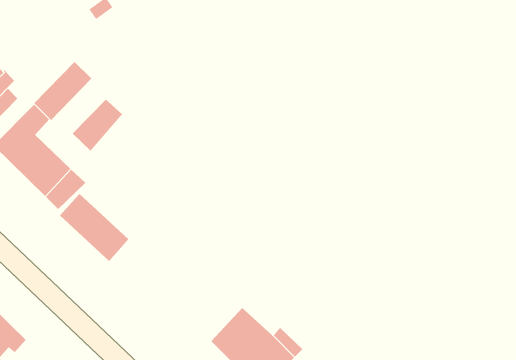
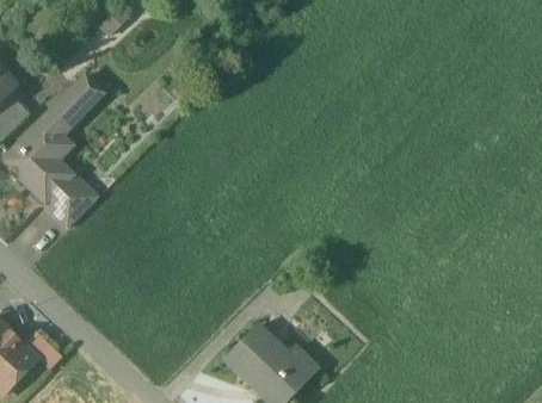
building: [72,99,123,152] -> none
building: [59,193,129,262] -> none

